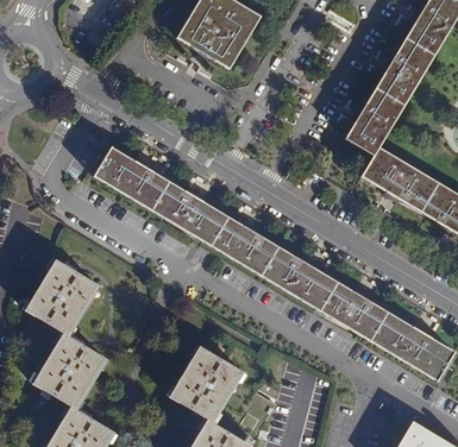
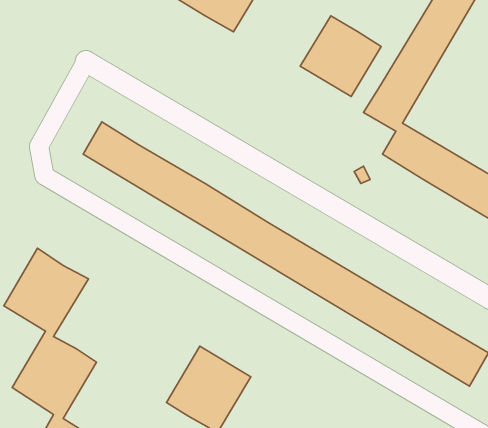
building: none -> [300,16,381,96]

